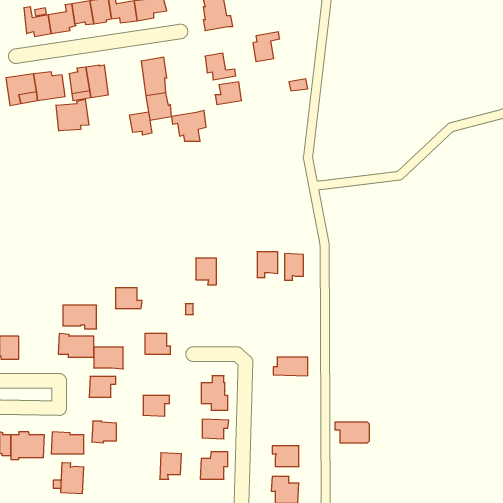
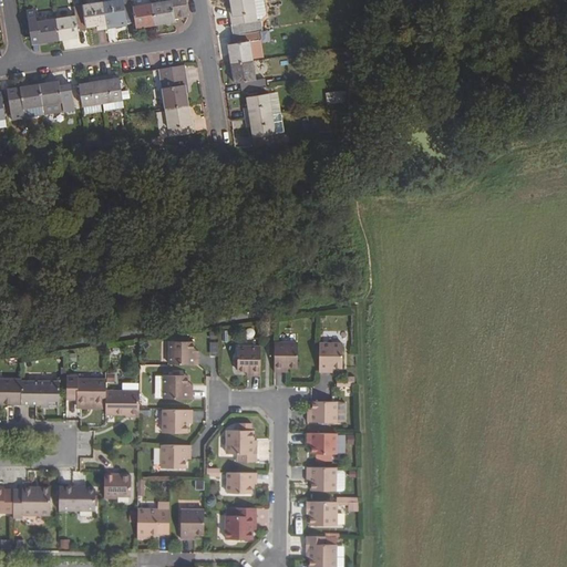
building: [253,32,280,62] -> [227,30,257,63]
building: [56,99,89,131] -> none
building: [172,110,206,141] -> [244,111,282,145]
building: [130,112,152,135] -> none
building: [257,252,278,277] -> [274,342,297,371]
building: [285,254,303,280] -> [320,341,341,371]
building: [196,258,216,285] -> [237,346,260,375]
building: [115,288,142,308] -> [168,340,198,363]
building: [63,305,97,329] -> [21,380,59,406]
building: [89,376,116,397] -> [162,409,192,432]
building: none -> [306,432,336,453]
building: [335,422,369,443] -> [306,466,344,489]
building: none -> [136,508,168,538]
building: [61,462,83,494] -> none

